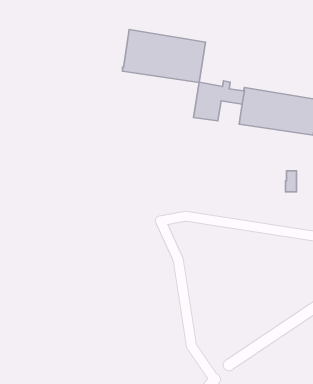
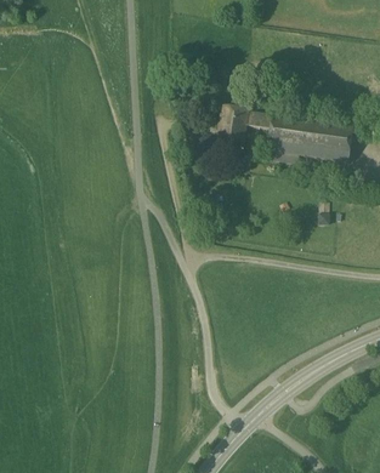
building: [122,30,205,82] -> none

